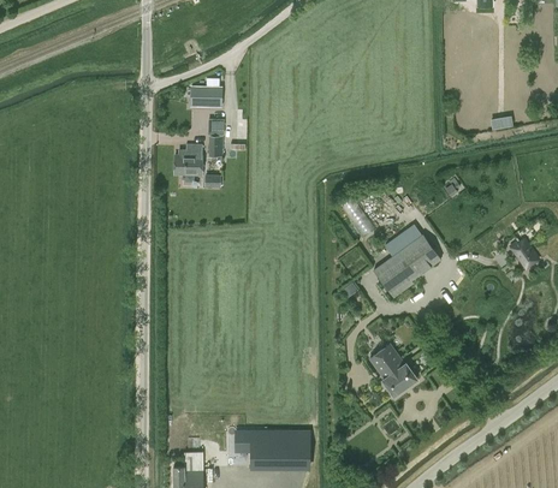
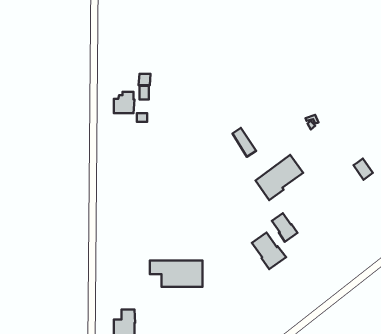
building: [191,87,224,107] -> none
building: none -> [272,213,298,242]
building: [238,430,313,468] -> [150,260,203,287]

